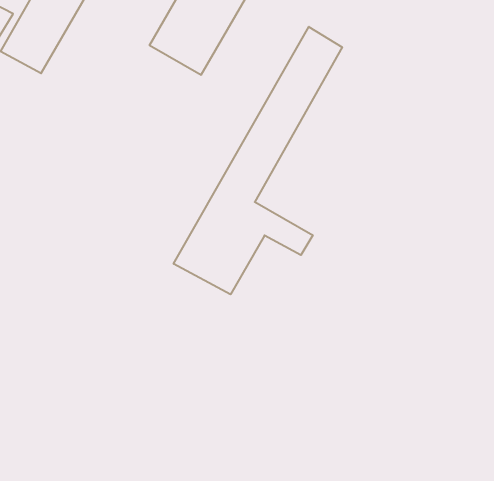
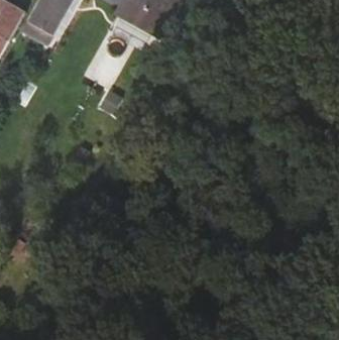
building: [174,27,342,294] -> none

